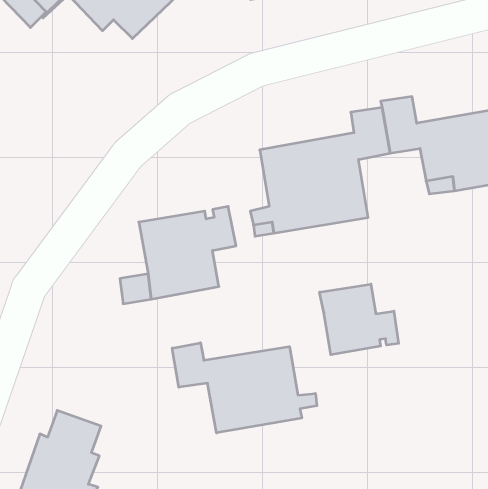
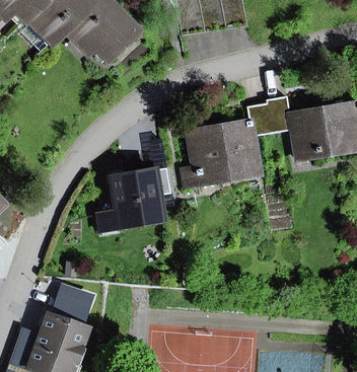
building: [320,284,399,355] -> none
building: [172,343,317,433] -> none

